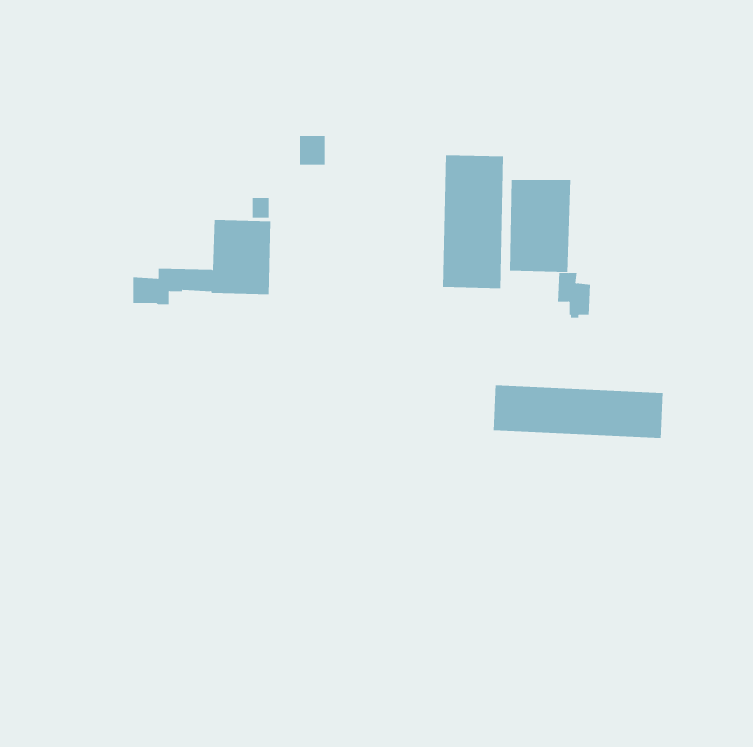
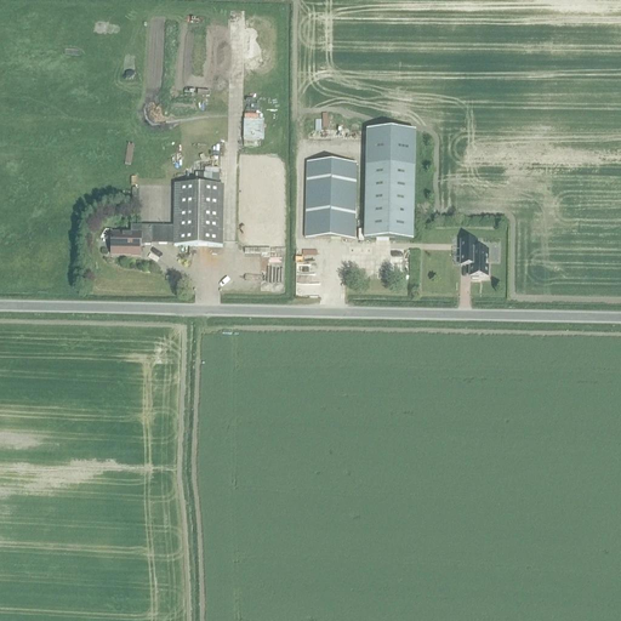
building: [509,180,571,272] -> [303,158,354,234]
building: [493,384,663,439] -> none

